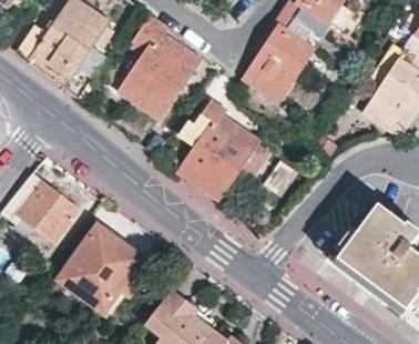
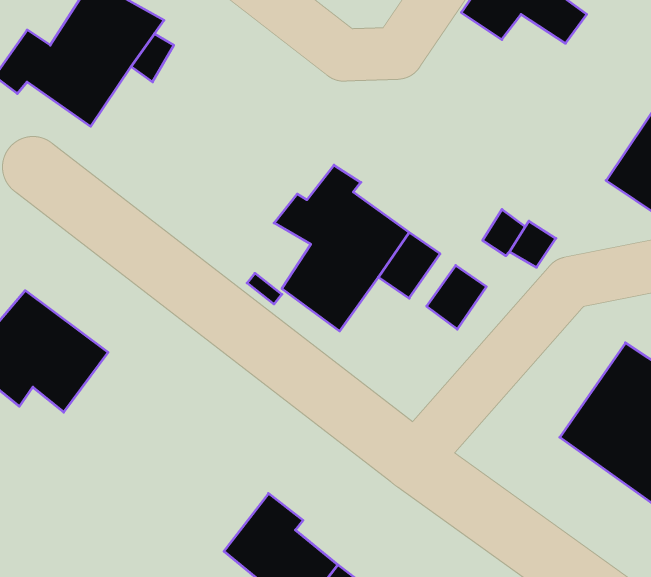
building: [243,13,319,101] -> none
building: [119,21,196,118] -> none
building: [60,225,150,311] -> none

